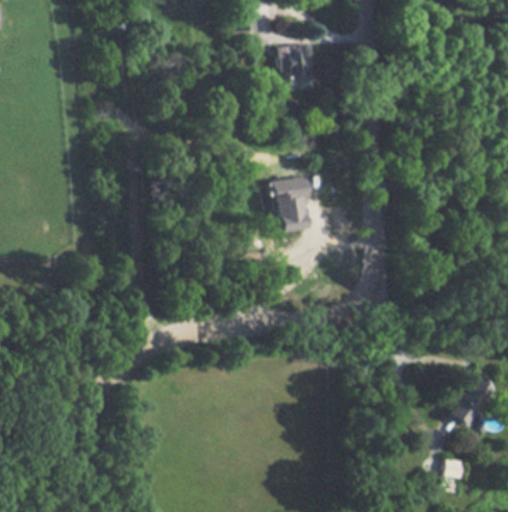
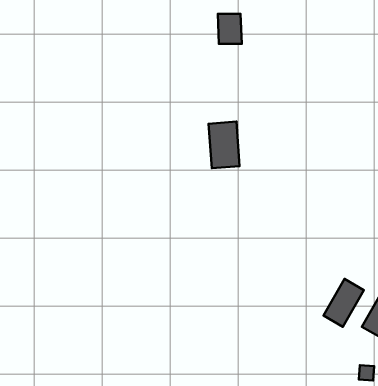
building: none -> [323,279,364,327]

